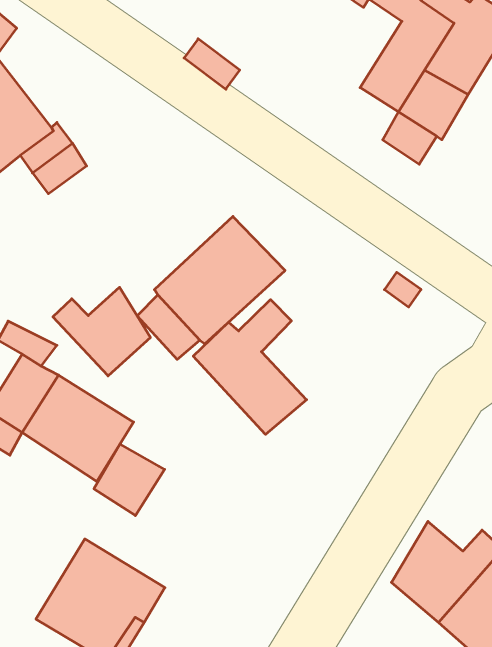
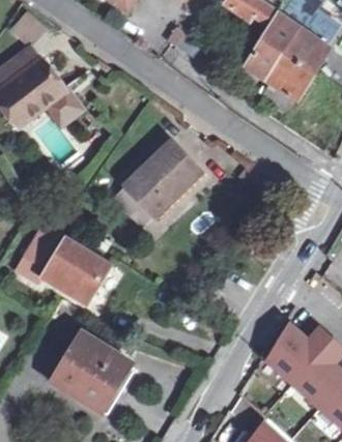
building: [53,287,150,376] -> none
building: [193,300,307,434] -> none
building: [94,444,165,516] -> none

